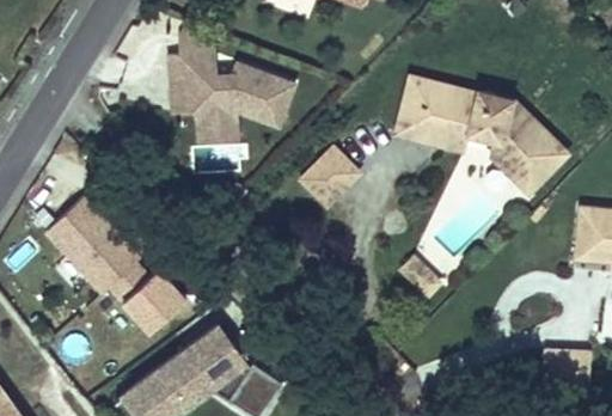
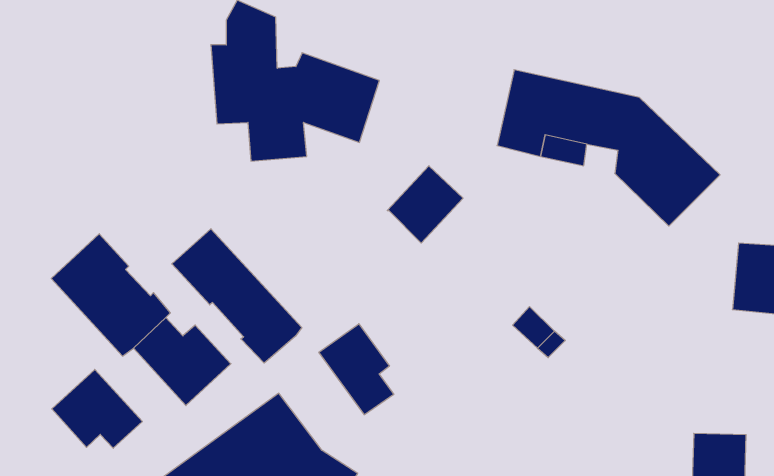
building: none -> [172,229,302,363]
building: none -> [319,324,394,415]
building: none -> [52,369,142,448]

